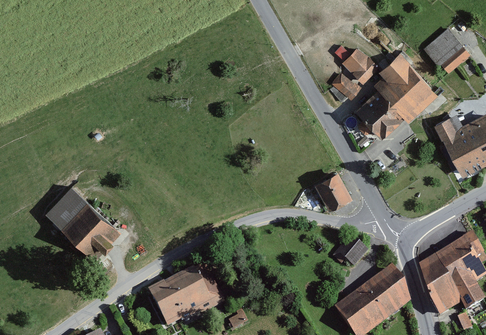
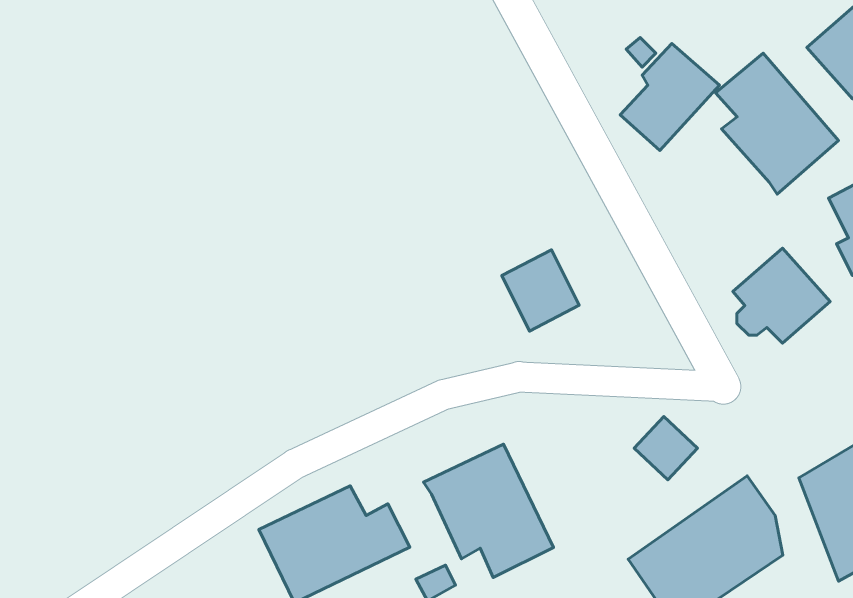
building: [355,89,404,137] -> [733,248,830,343]
building: [313,170,352,211] -> [502,250,579,331]
building: [44,186,119,261] -> none
building: none -> [424,444,553,578]

